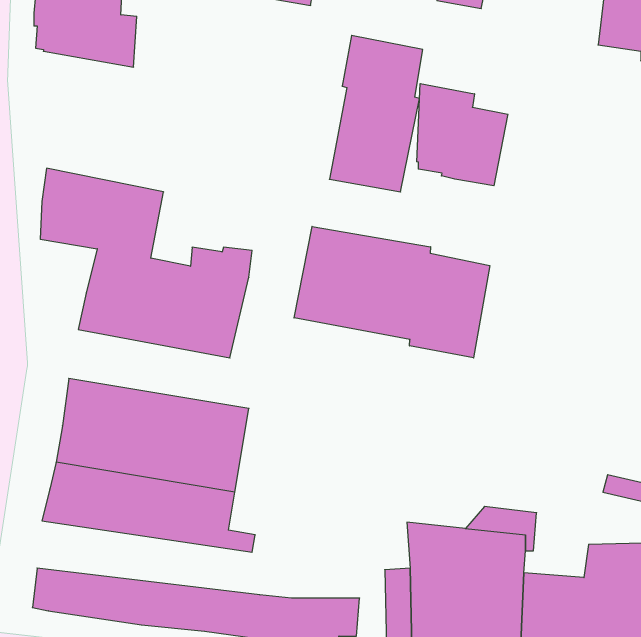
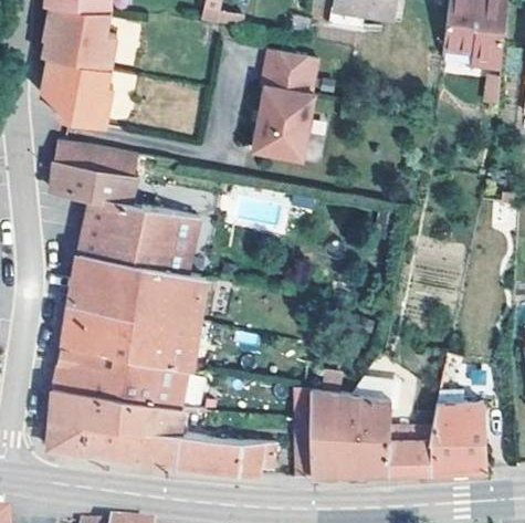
building: none -> [51,60,119,128]
building: [417,84,508,186] -> none
building: [294,226,490,358] -> none
building: none -> [71,254,202,310]
building: none -> [49,388,209,440]

